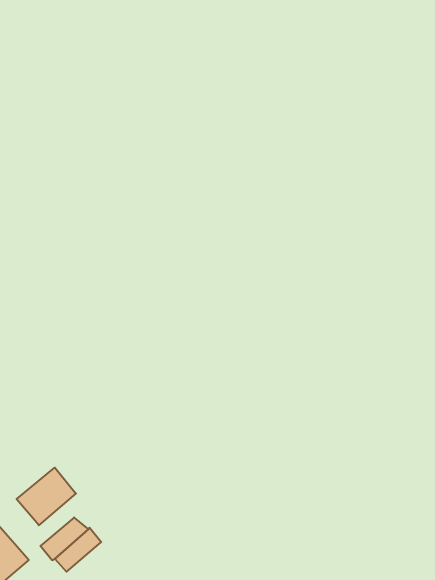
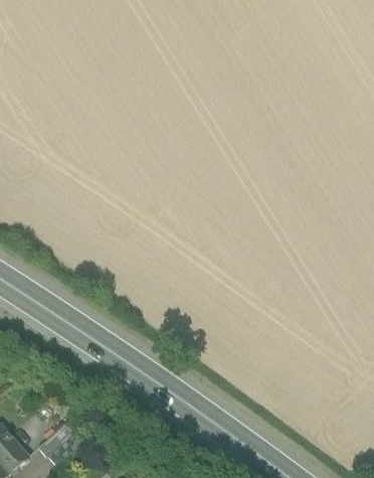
building: [17,468,76,525] -> none

